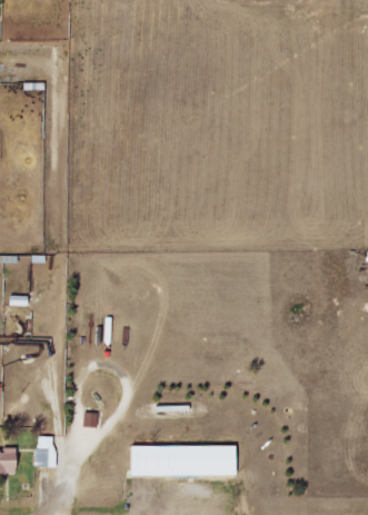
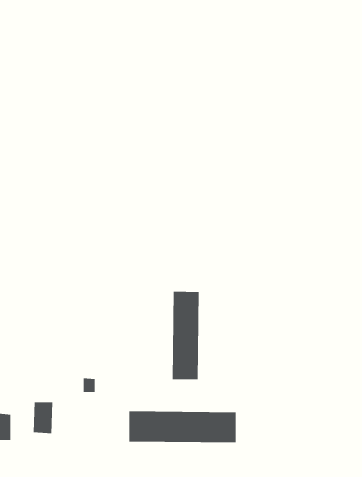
building: none -> [172,291,199,380]

